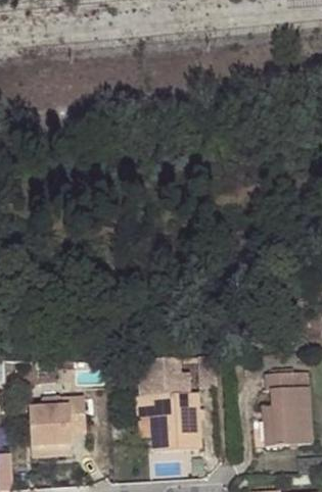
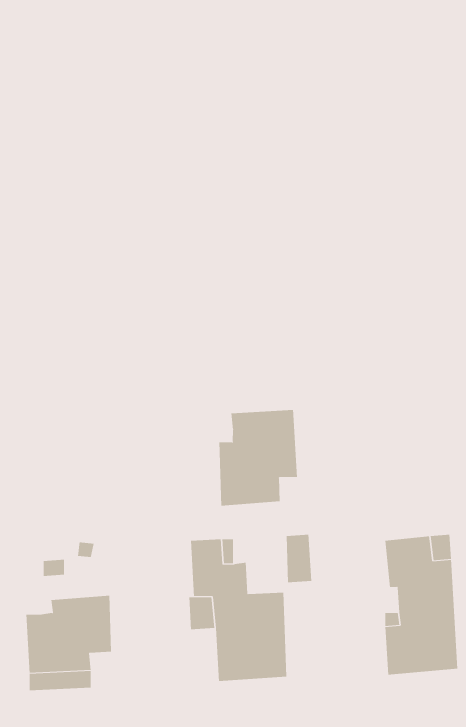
building: none -> [219,409,298,507]

